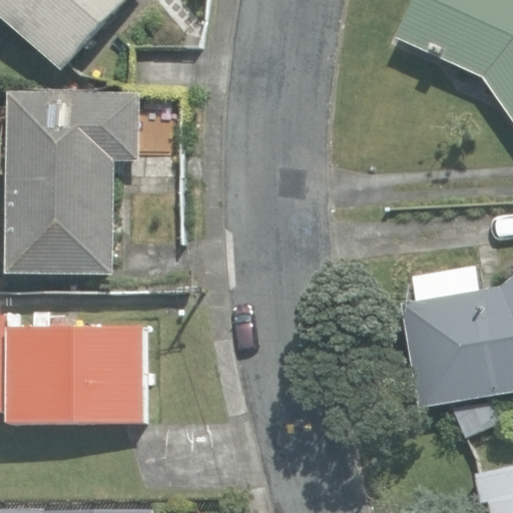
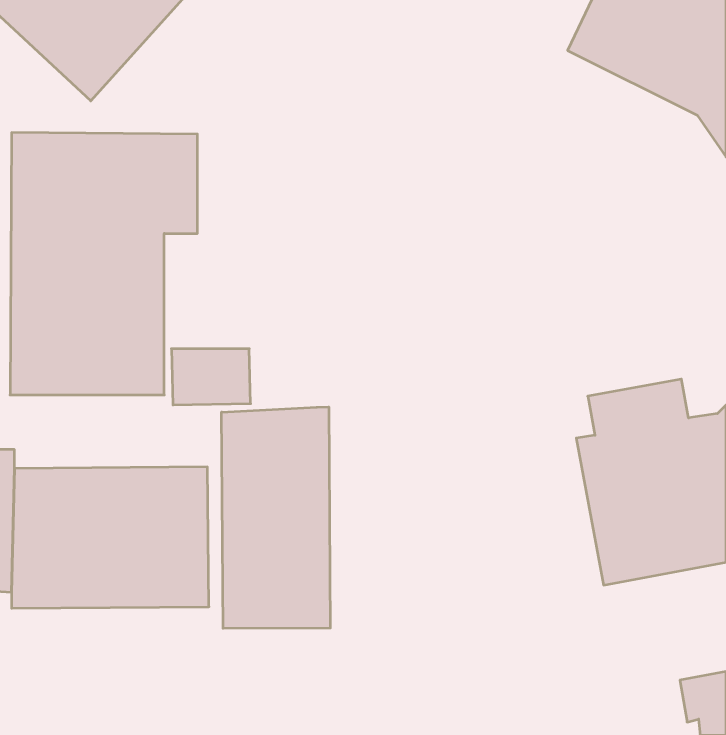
building: none -> [222,407,330,628]

